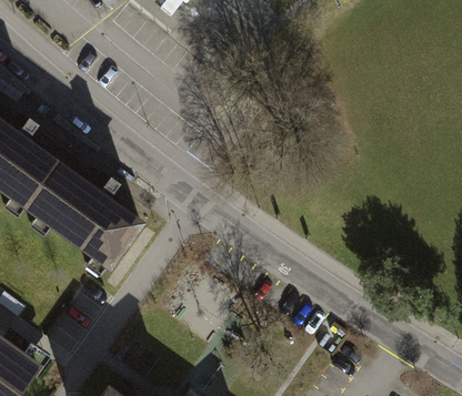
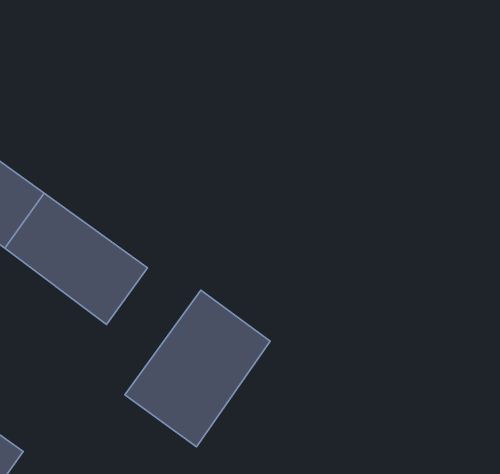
building: none -> [125,290,270,447]

